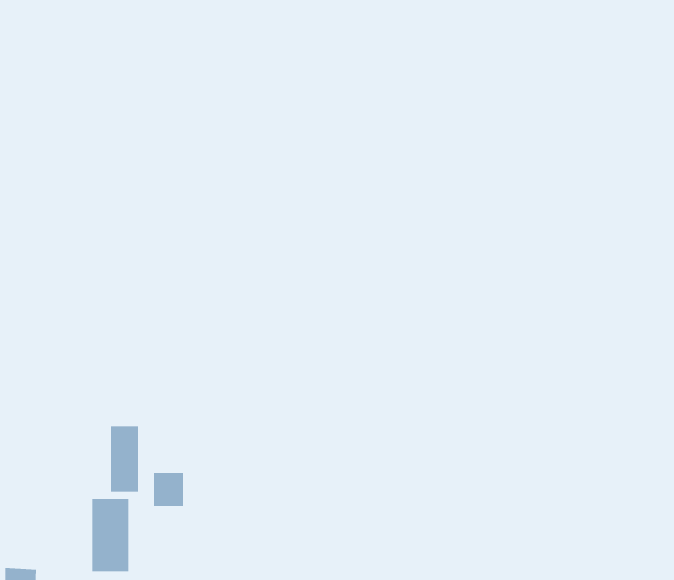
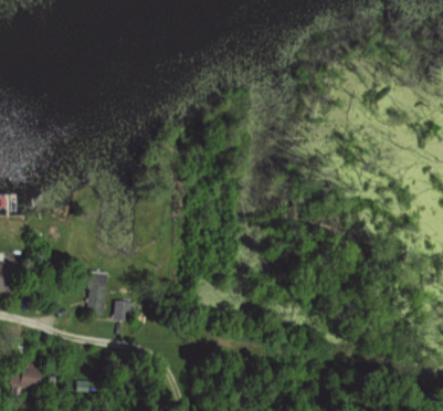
building: [92,498,129,572] -> none

